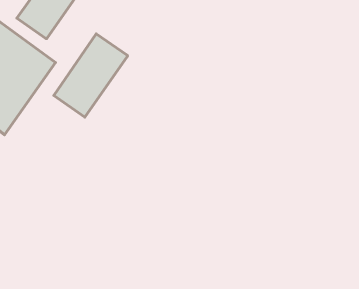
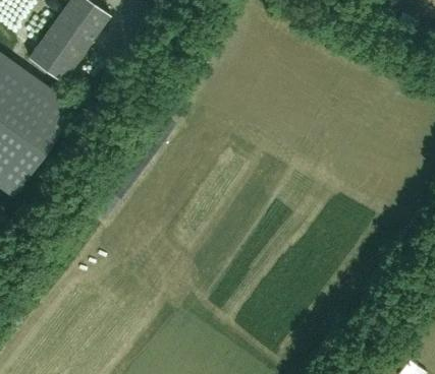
building: [54,34,127,117] -> none

